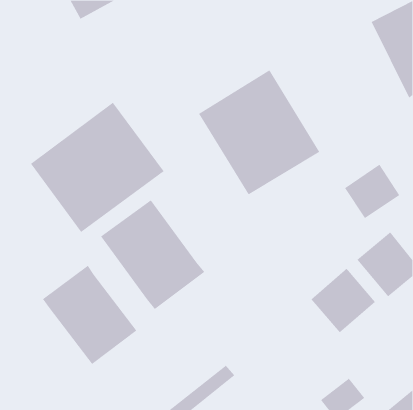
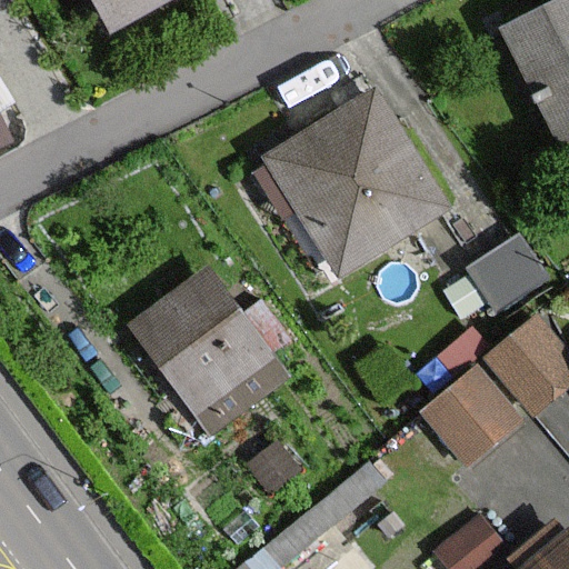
building: [30,102,165,233] -> none
building: [42,265,137,365] -> none

